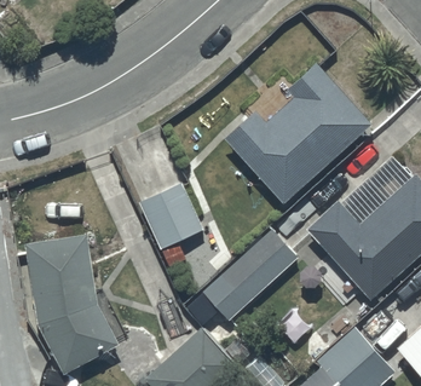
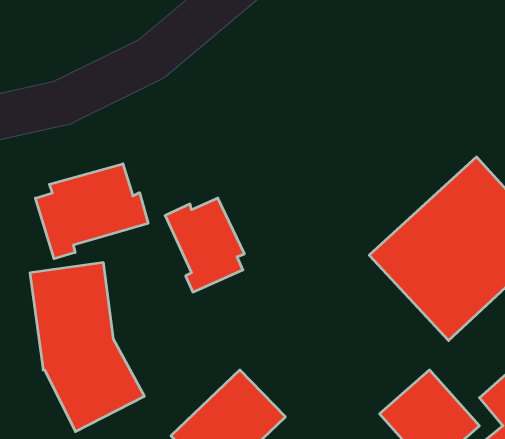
building: [225,64,371,203] -> none
building: none -> [35,164,148,259]
building: [184,229,299,321] -> none

